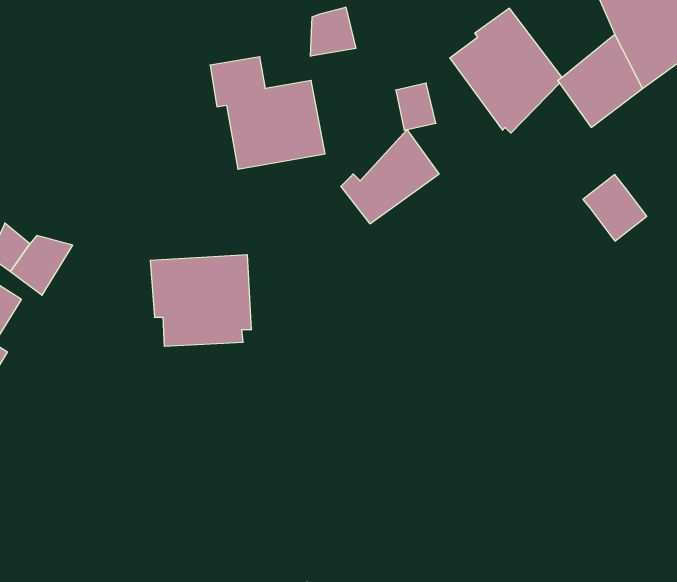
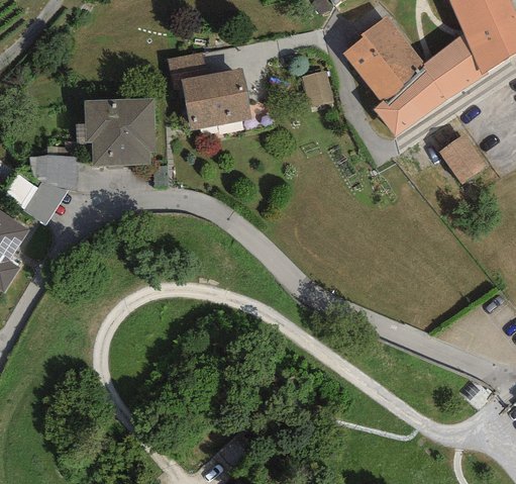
building: [311,7,356,56] -> none
building: [341,130,439,224] -> [374,70,445,138]
building: none -> [29,154,78,191]
building: [150,255,252,346] -> [84,97,158,164]

